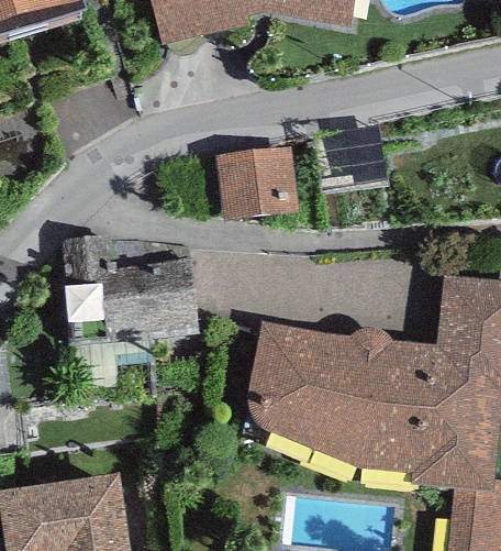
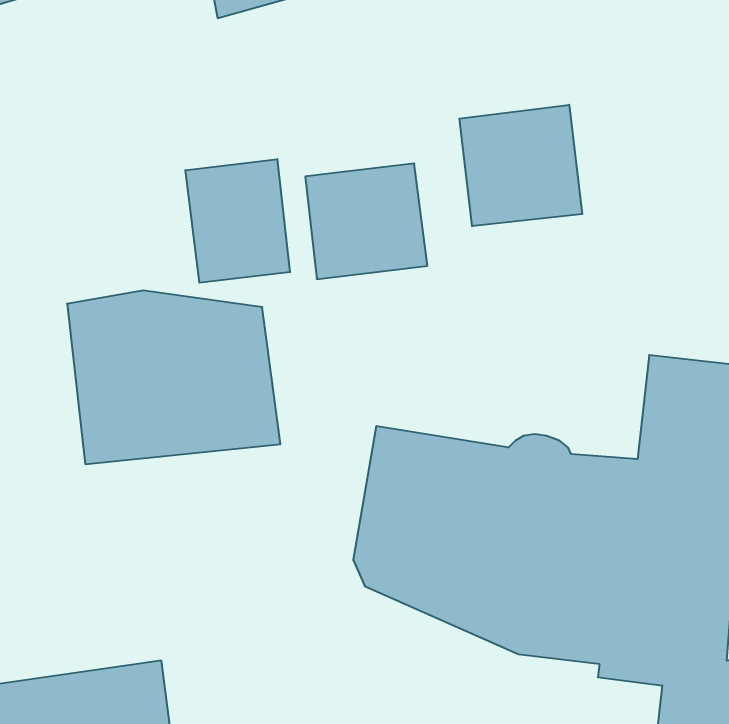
building: none -> [459,105,582,226]
building: none -> [185,159,290,283]

